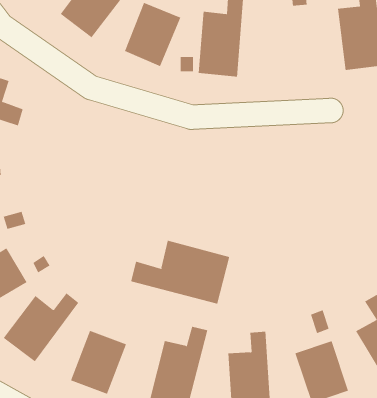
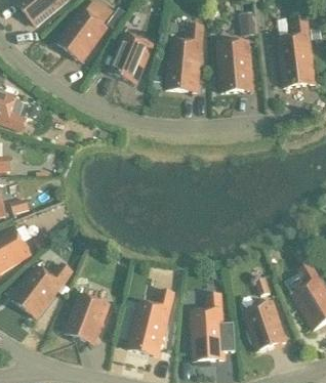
building: none -> [217,40,252,91]
building: [130,240,230,304] -> none

